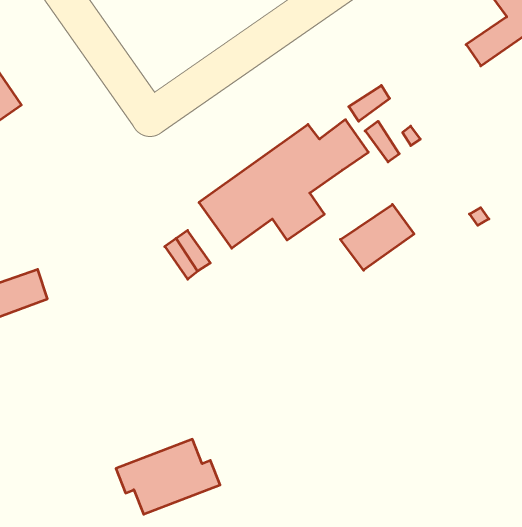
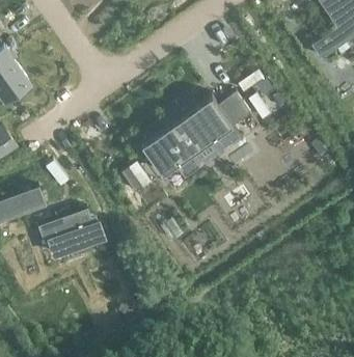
building: [340,204,414,270] -> none
building: [116,439,220,514] -> [37,209,104,256]

